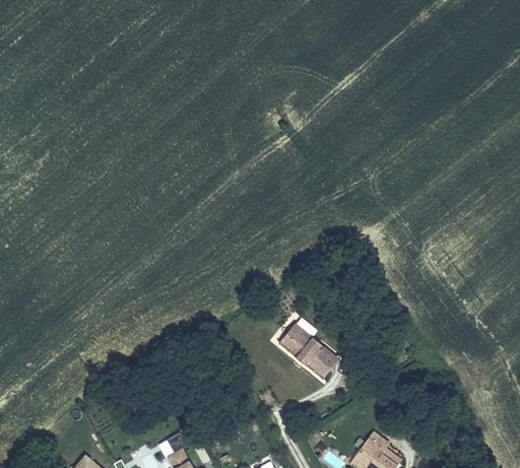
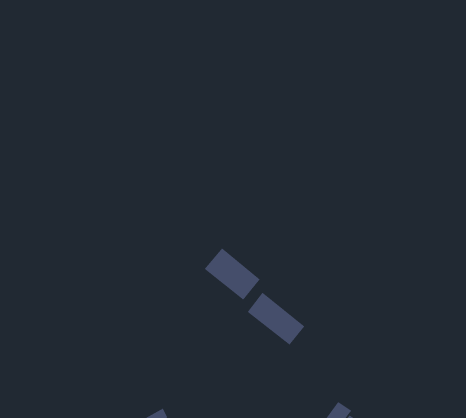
building: none -> [204,247,260,301]

